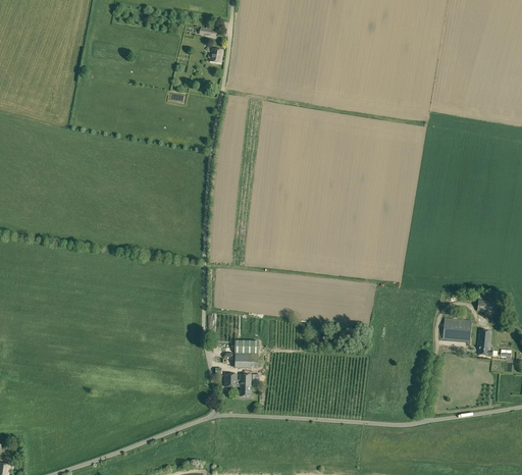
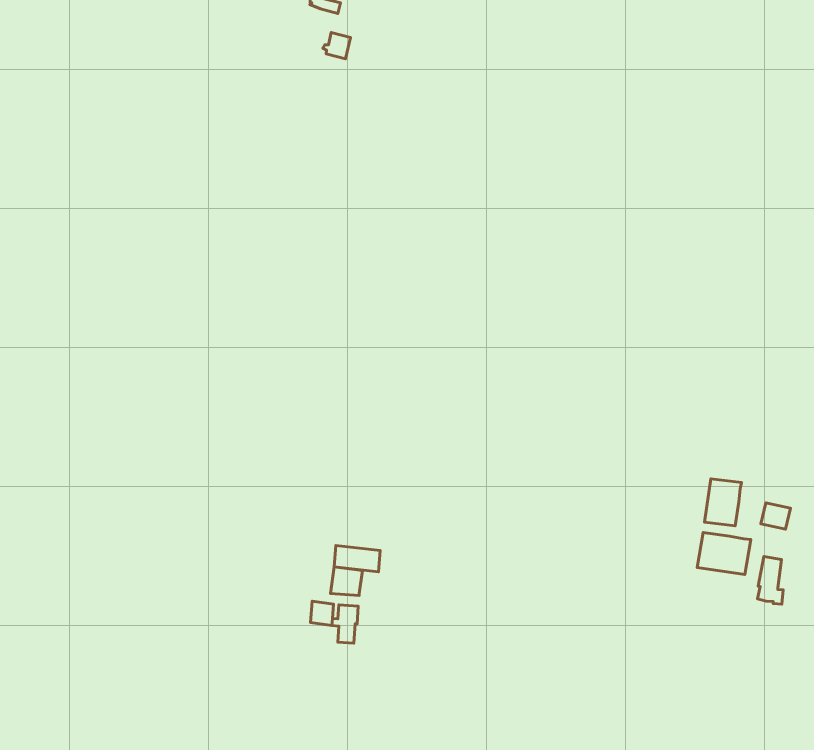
building: none -> [705,479,741,526]

